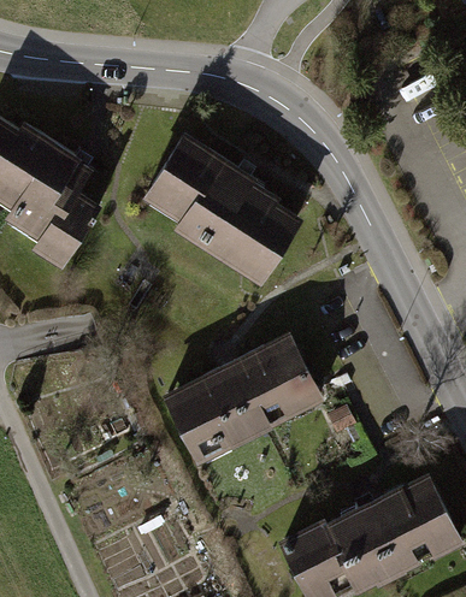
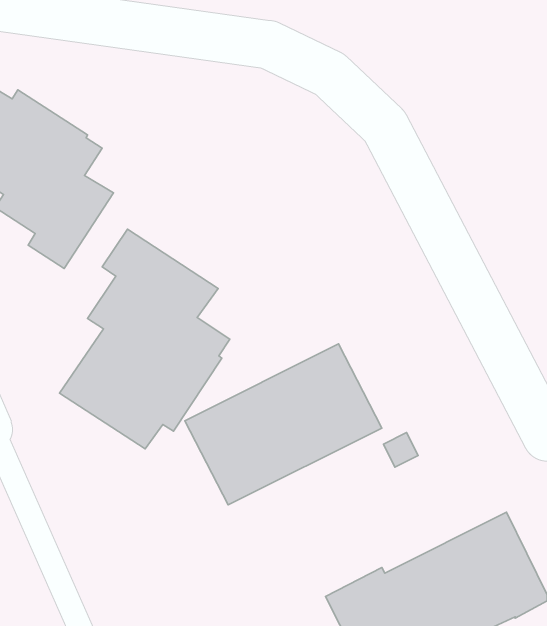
building: [141,131,303,286] -> none
building: none -> [60,229,230,449]

